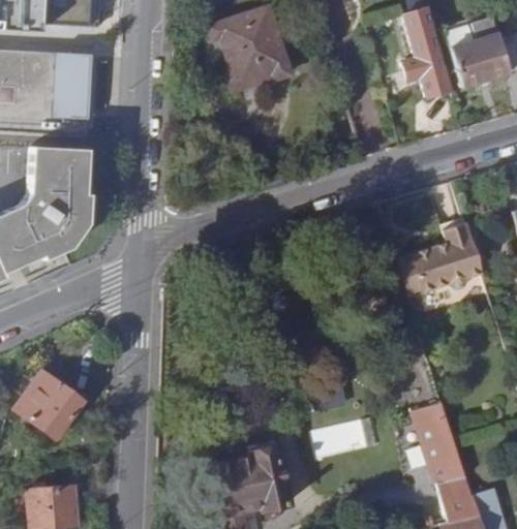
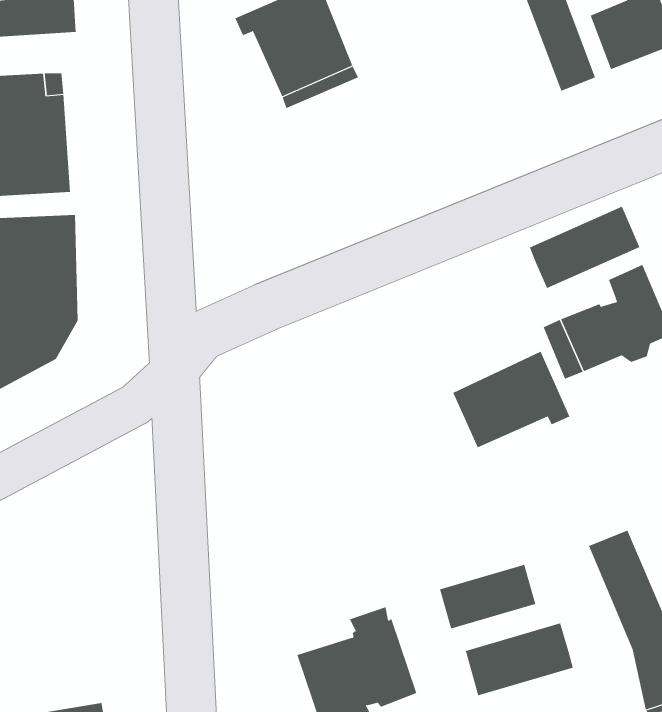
building: none -> [529,206,640,289]
building: none -> [453,351,570,448]
building: [14,372,82,436] -> none
building: none -> [465,623,573,696]

